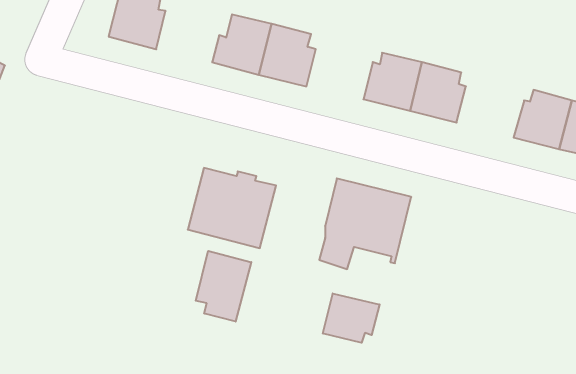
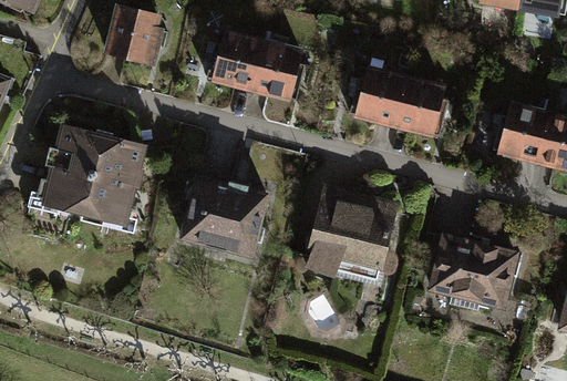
building: none -> [37,128,144,225]
building: none -> [431,238,515,307]
building: [196,251,251,322] -> none
building: [323,293,380,343] -> none

